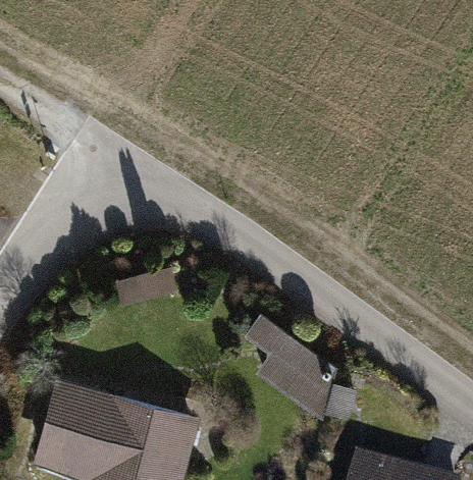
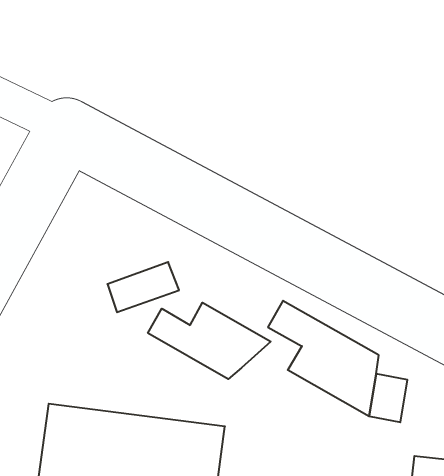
building: none -> [148,303,271,379]

